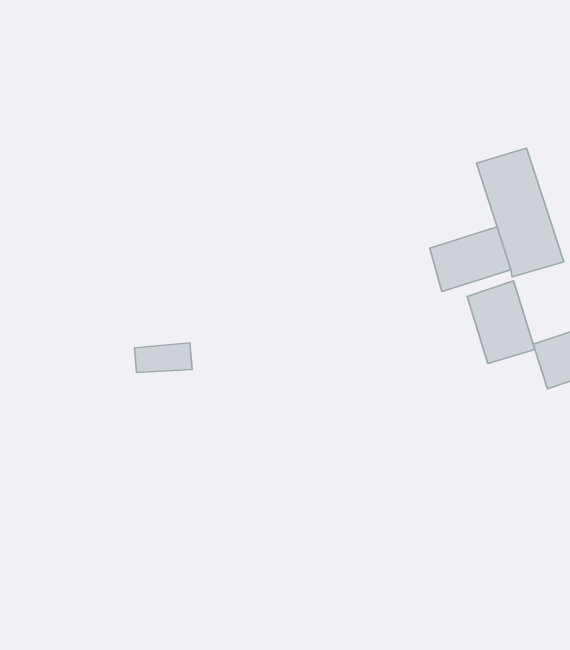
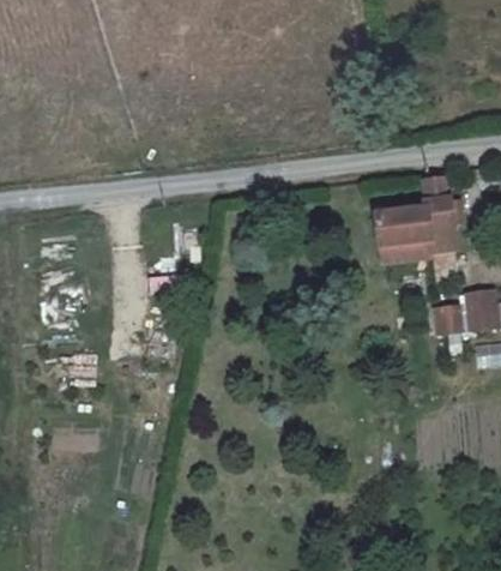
building: [467,281,535,364] -> none

